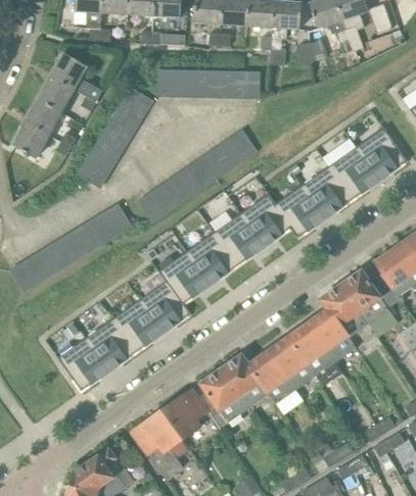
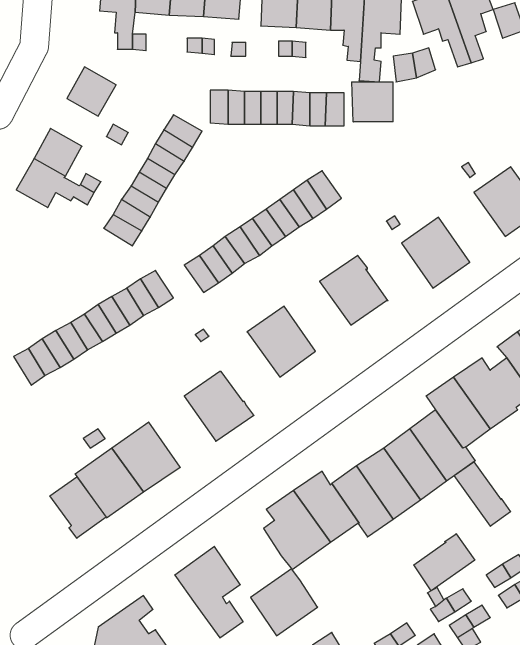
building: none -> [352,82,393,122]
building: [39,76,75,111] -> none
building: [329,146,379,198] -> none
building: [275,184,325,237] -> none
building: [214,212,264,264] -> none
building: [158,250,211,302] -> none
building: [112,298,163,351] -> none
building: none -> [454,462,511,526]
building: none -> [50,477,106,538]
building: [161,389,212,439] -> [251,569,318,636]
building: none -> [414,534,475,591]

